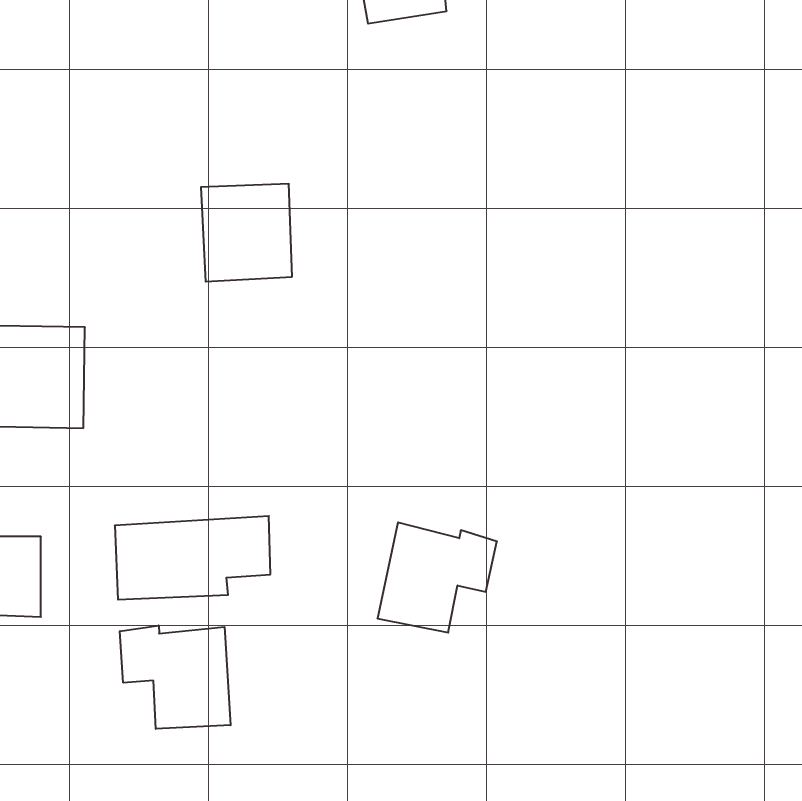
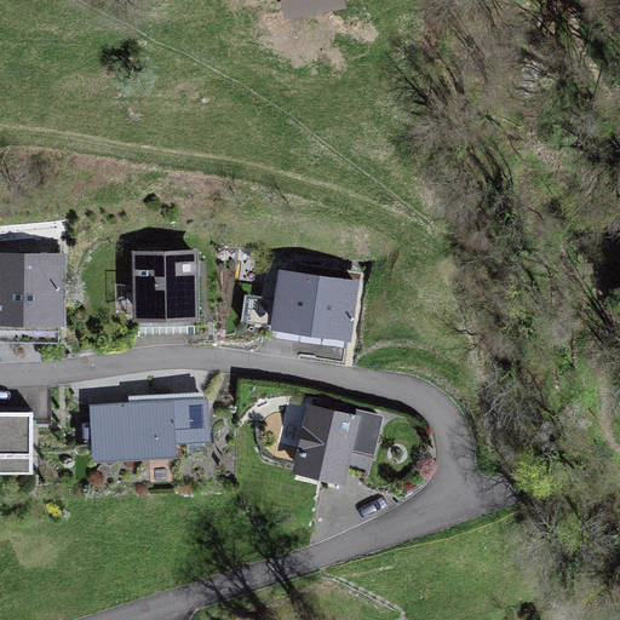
building: [201,184,292,282] -> [130,248,200,323]
building: none -> [240,269,358,343]
building: [120,625,231,729] -> none

